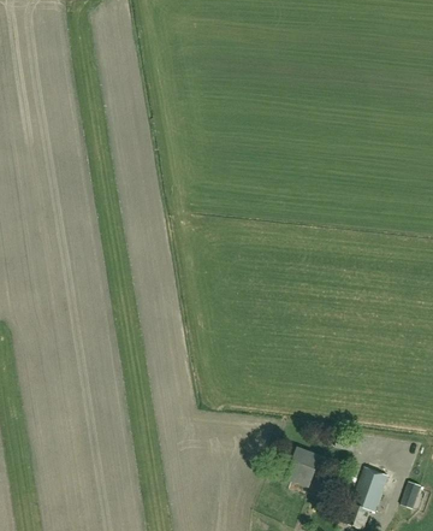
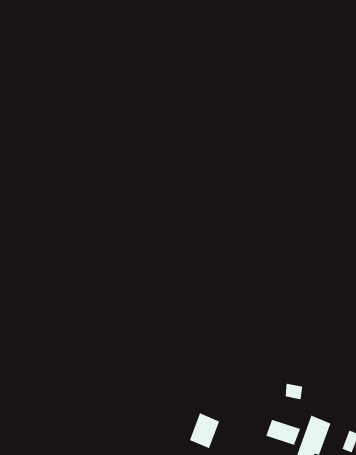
building: [285,447,320,488] -> [189,412,220,449]

